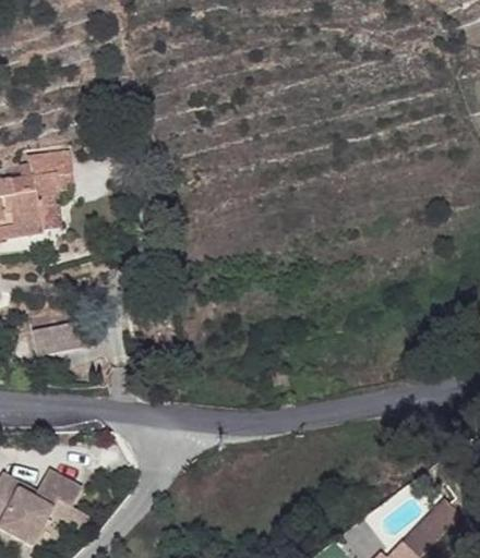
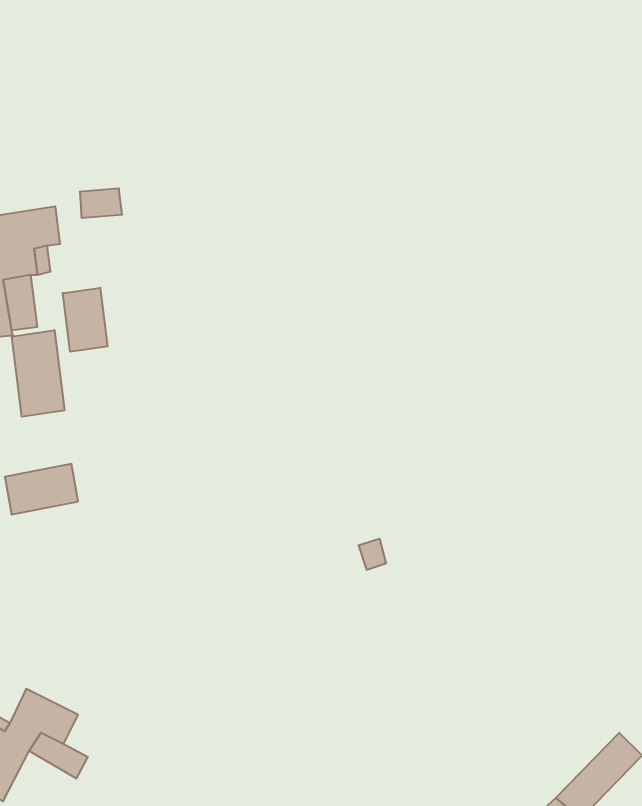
building: none -> [63,288,108,352]
building: none -> [12,330,64,417]

